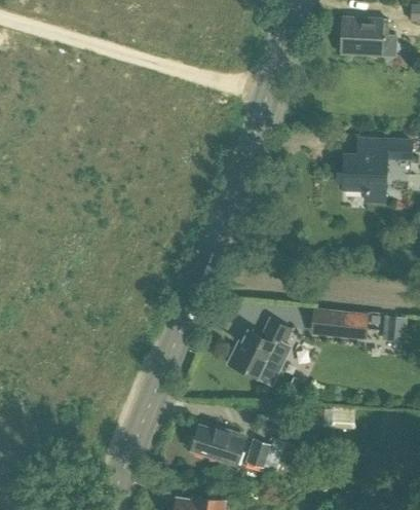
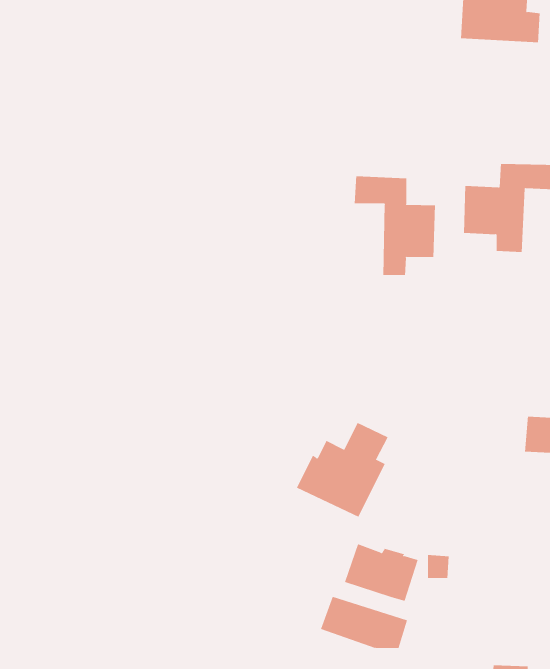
building: none -> [354,176,436,276]
building: [311,311,368,339] -> none
building: [189,424,240,464] -> [344,544,419,602]

